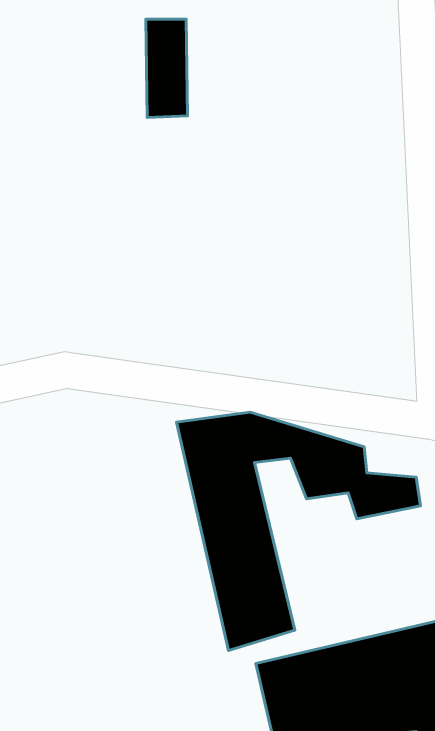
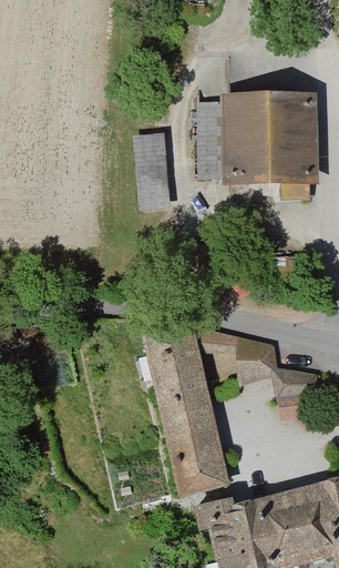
building: [146,19,188,117] -> [134,134,166,210]
building: none -> [194,97,319,199]

